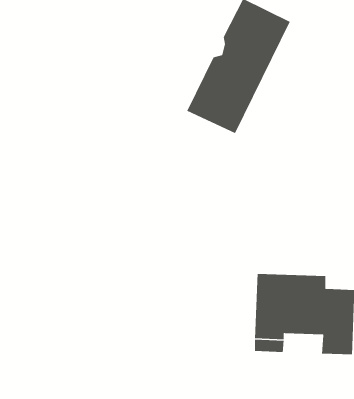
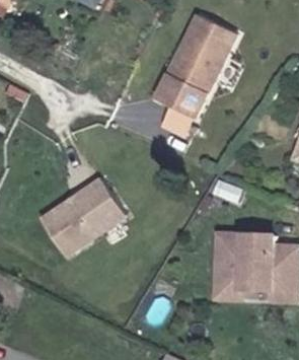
building: none -> [41,181,124,256]

